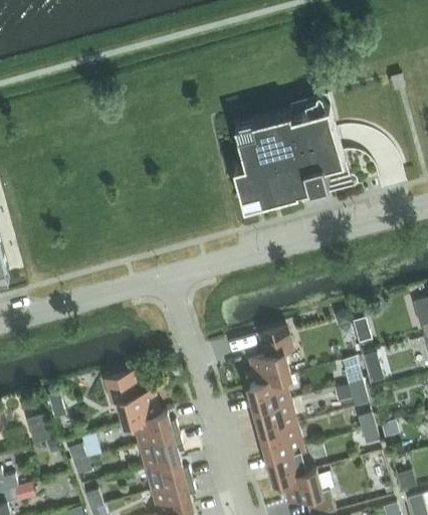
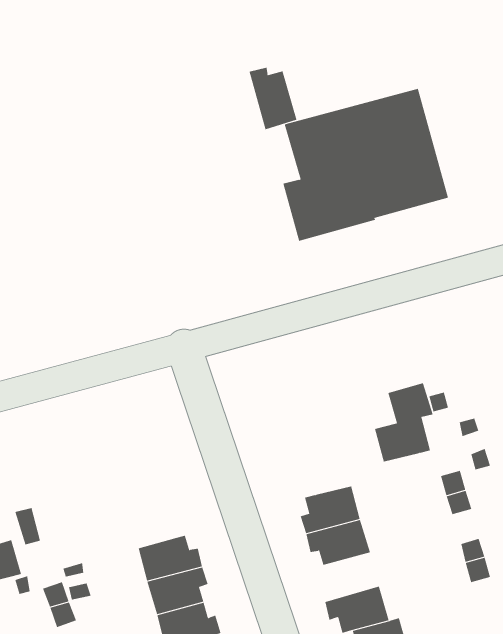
building: none -> [249,67,297,130]
building: [251,330,292,385] -> [374,383,434,462]
building: [106,375,159,424] -> none
building: [259,425,301,460] -> none

